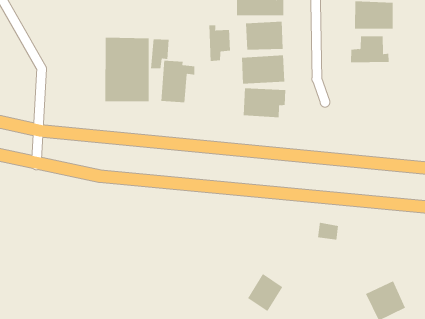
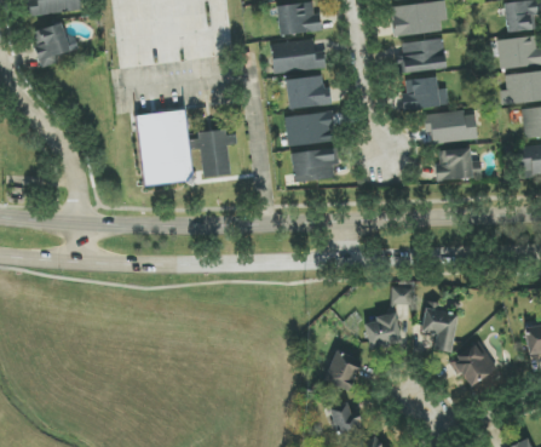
building: [209,25,230,62] -> none
building: none -> [424,110,477,144]
building: none -> [437,148,472,180]
building: none -> [421,305,457,353]
building: none -> [366,314,410,348]

